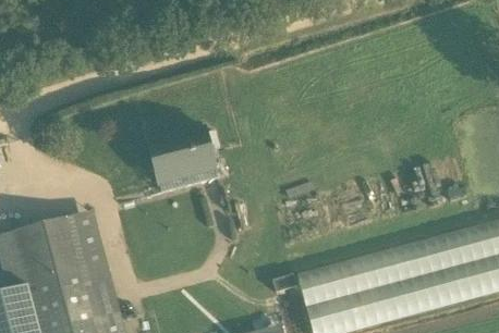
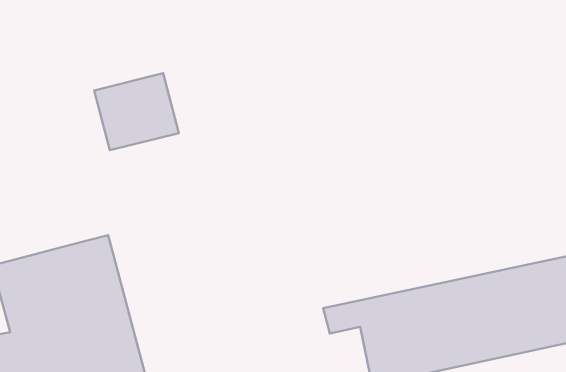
building: [148,127,218,190] -> [94,73,179,150]

